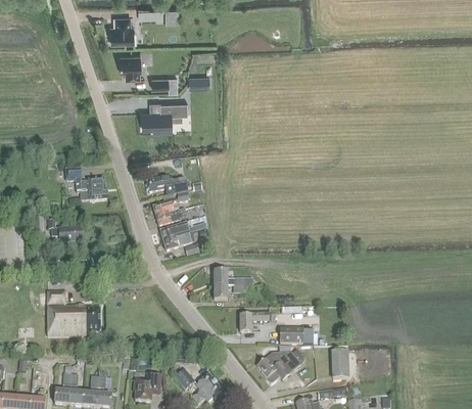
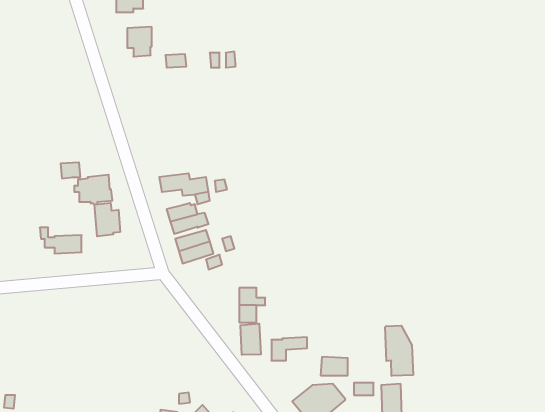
building: [143,101,188,130] -> none
building: none -> [94,203,120,236]
building: [48,291,101,335] -> none
building: none -> [240,324,261,355]
building: none -> [385,326,413,376]

